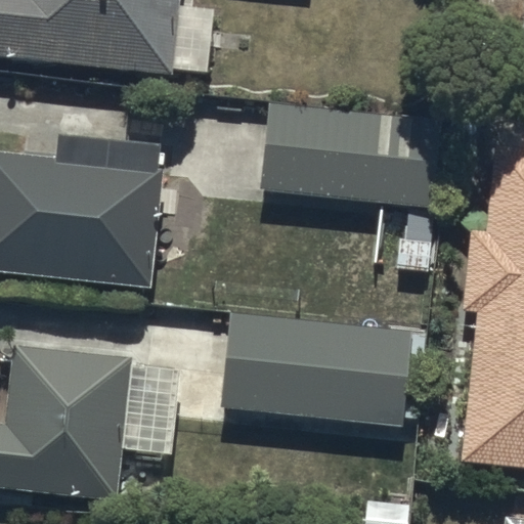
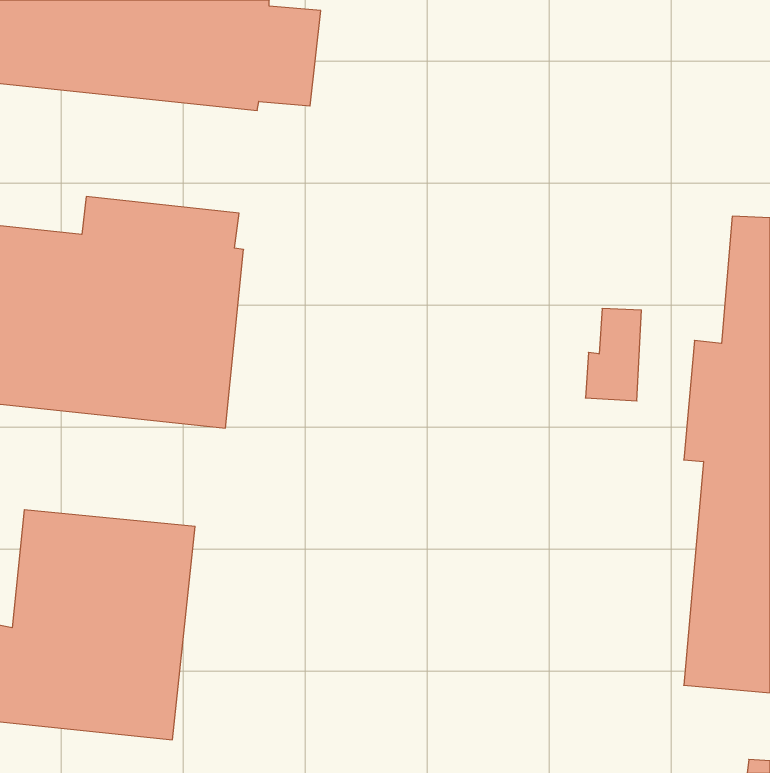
building: [262,103,442,204] -> none
building: [224,313,412,453] -> none

